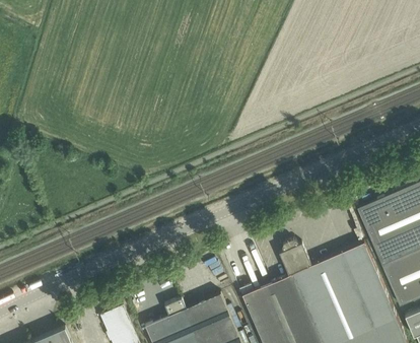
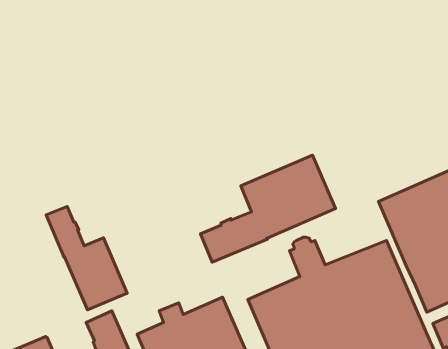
building: none -> [200,155,335,262]
building: none -> [46,206,127,310]

